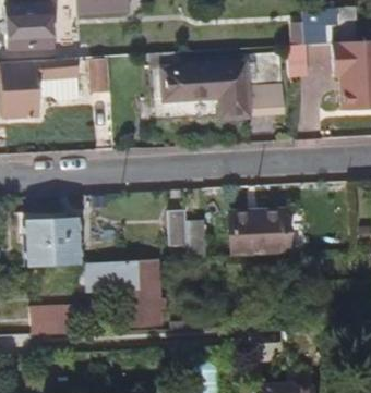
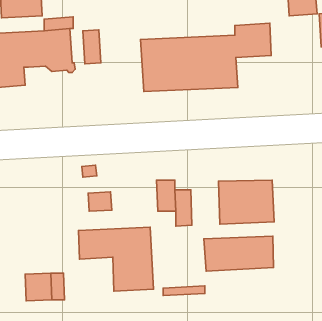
building: [248,84,286,116] -> none
building: [24,212,79,265] -> none
building: none -> [204,236,274,271]

